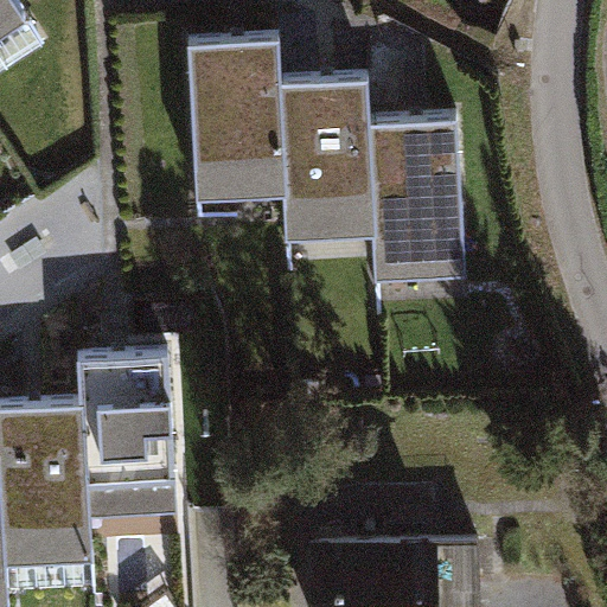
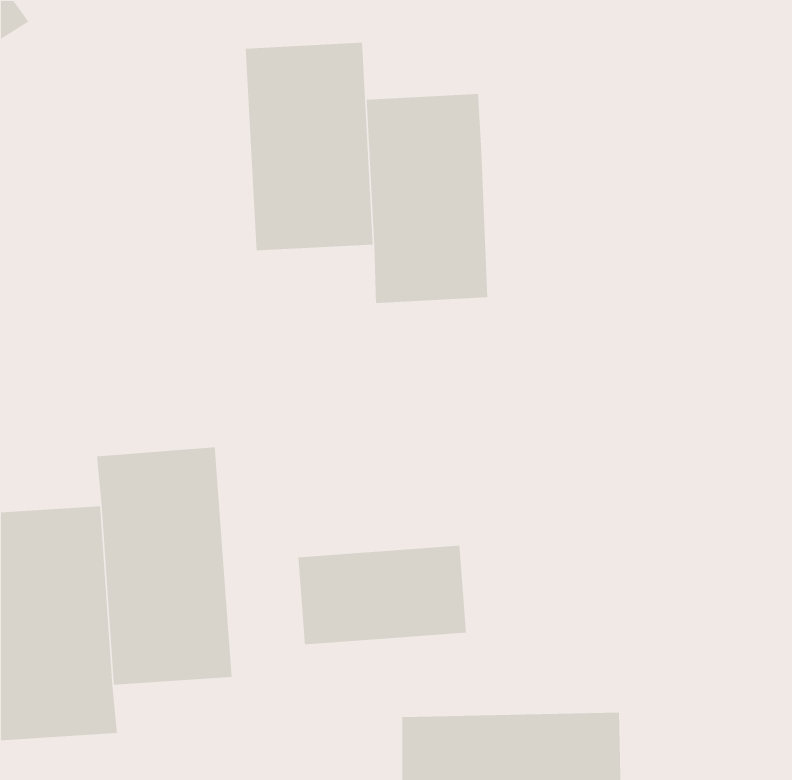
building: [369,122,466,280] -> none
building: none -> [298,545,467,645]

